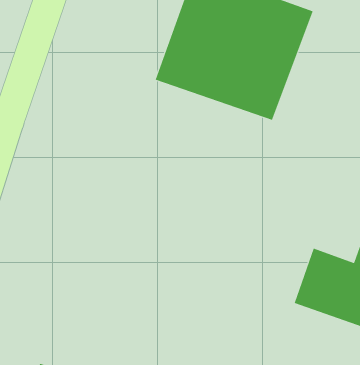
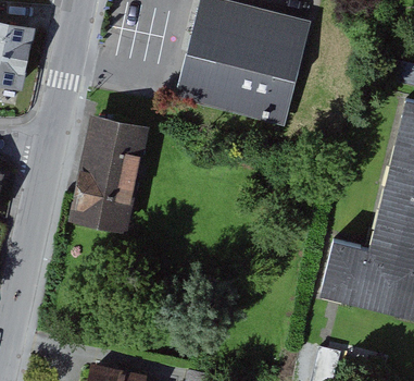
building: none -> [74,120,142,226]

